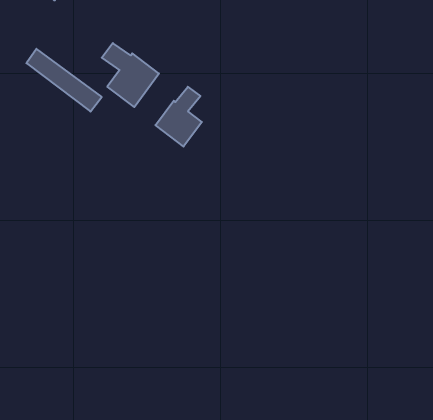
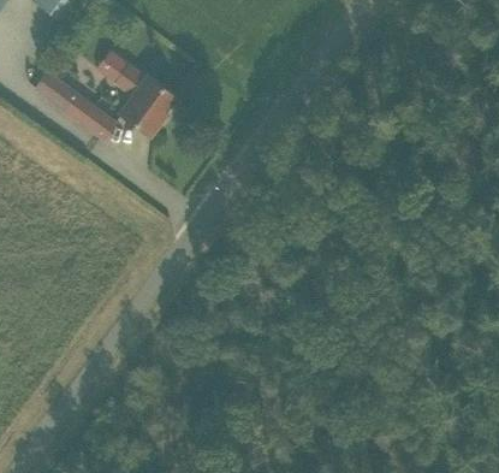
building: [155,87,202,147] -> none

